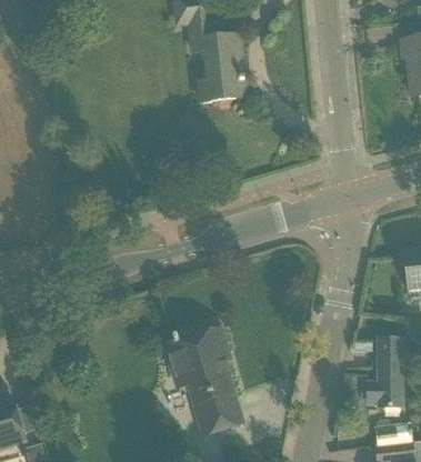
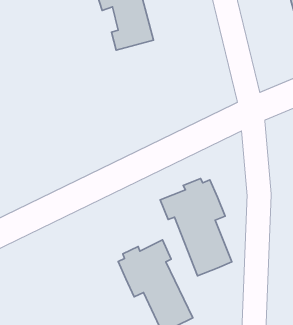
building: none -> [160,178,232,276]

